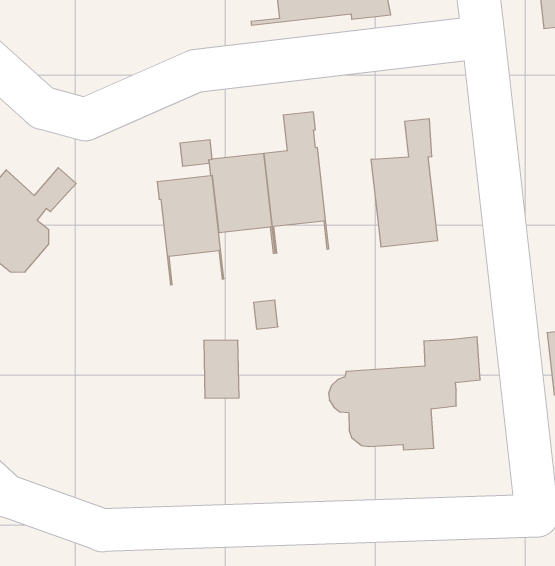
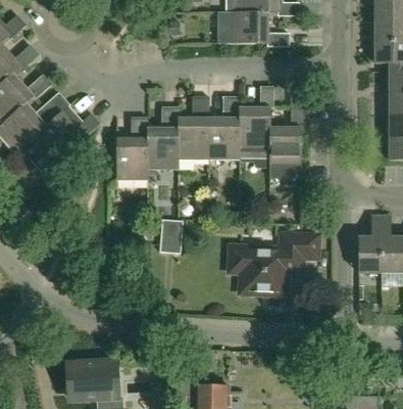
building: none -> [239,86,273,156]
building: none -> [116,136,148,195]

